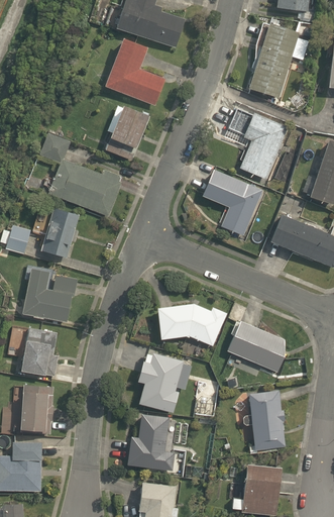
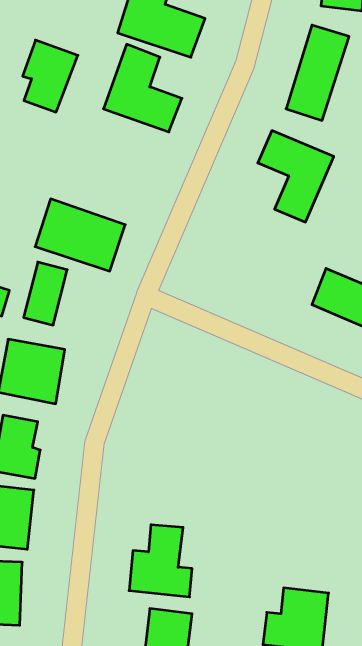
building: [106,104,149,161] -> [23,40,78,112]
building: [37,131,69,168] -> none
building: [202,167,265,236] -> none
building: [157,303,229,347] -> none
building: [229,321,291,373] -> none
building: [137,351,194,412] -> none
building: [243,390,285,450] -> none

